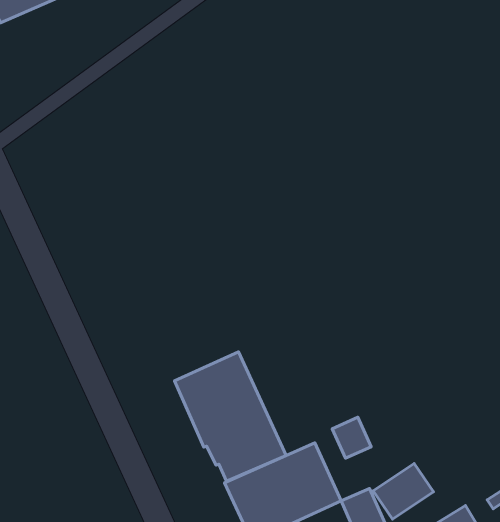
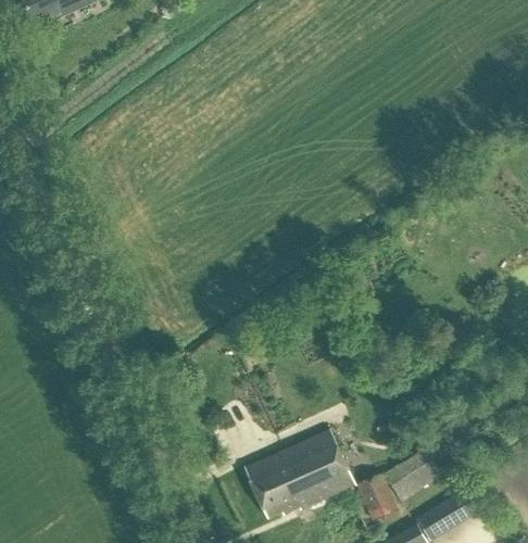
building: [175,352,286,481] -> none
building: [332,417,371,458] -> none

